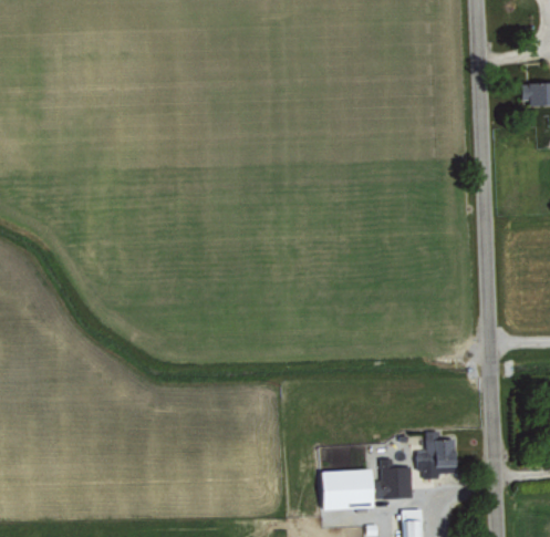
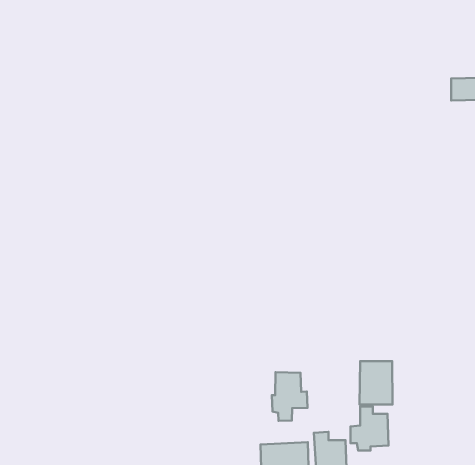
building: none -> [360,361,392,404]
building: none -> [272,372,307,421]

